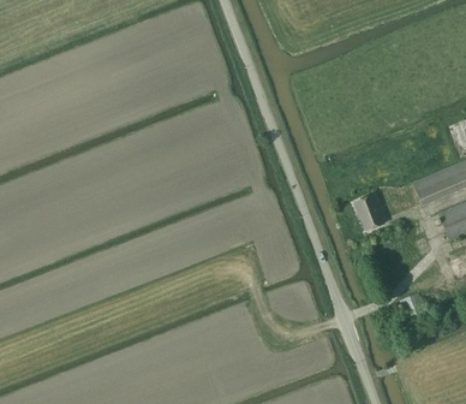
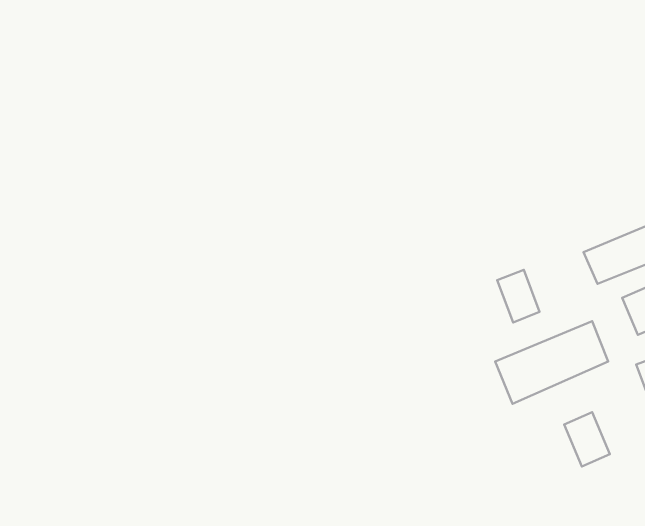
building: none -> [495,321,608,404]

